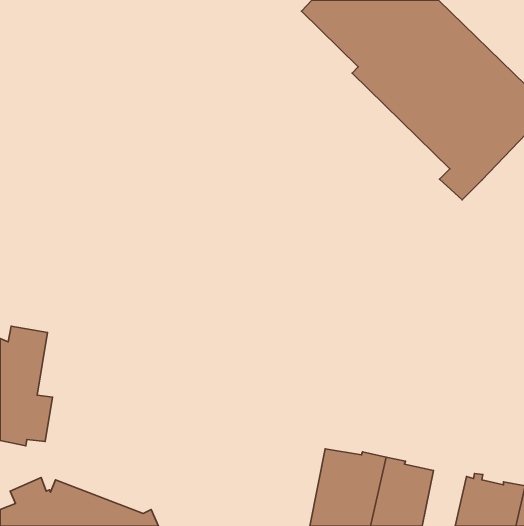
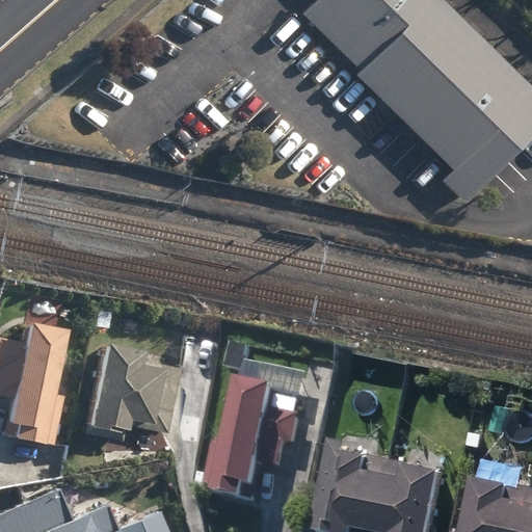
building: none -> [72,348,175,445]
building: none -> [205,372,298,493]

